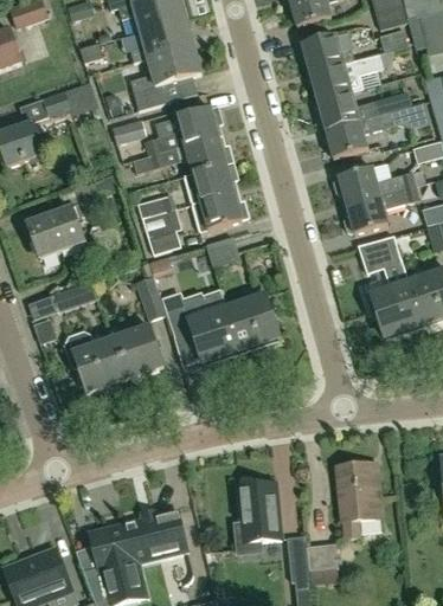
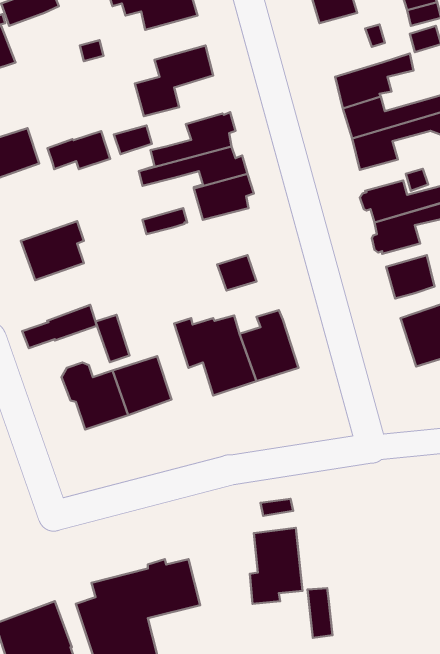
building: [130,19,194,63] -> none
building: [298,36,354,75] -> none
building: [41,82,98,116] -> [47,131,110,169]
building: [192,193,249,233] -> none
building: [141,207,182,254] -> none
building: [135,276,166,318] -> [95,315,129,362]
building: [338,462,383,537] -> none
building: [307,543,338,581] -> none

